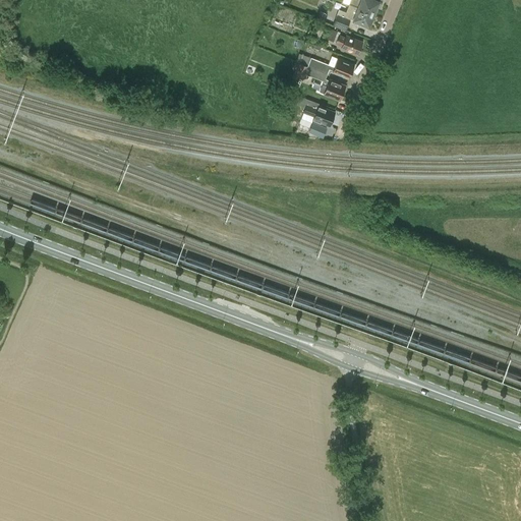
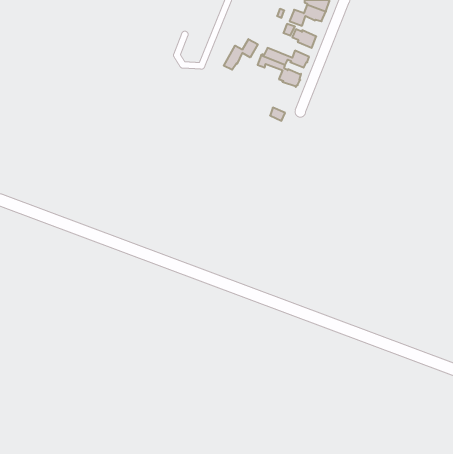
building: none -> [224,39,258,70]
building: [303,103,336,125] -> none

